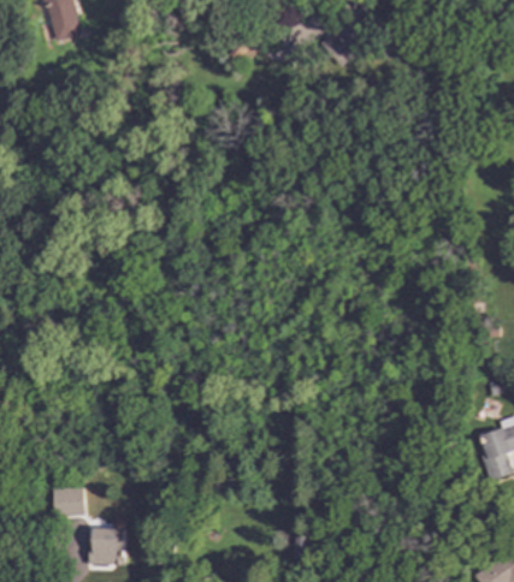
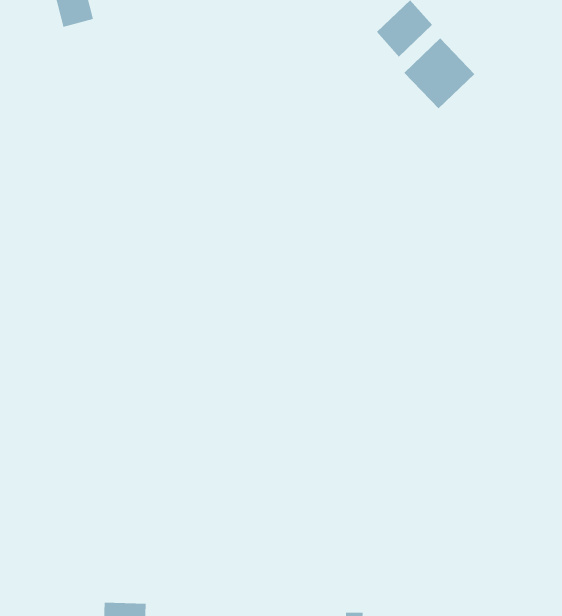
building: none -> [403,38,475,109]
building: [53,486,84,516] -> none

